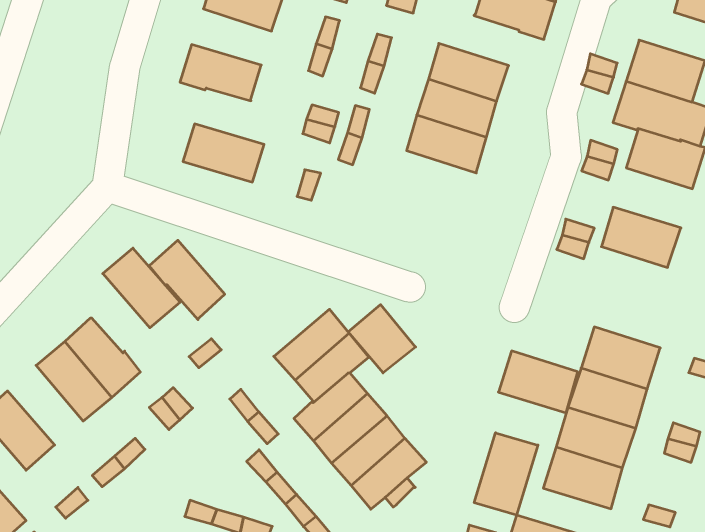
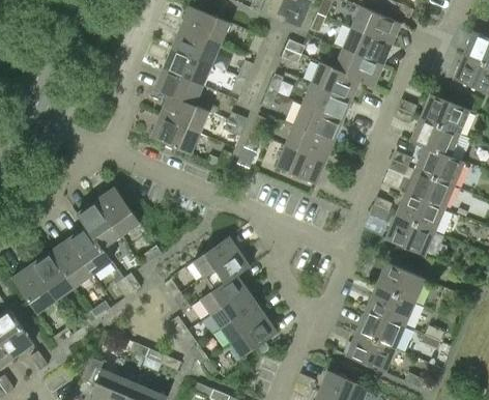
building: none -> [311,62,359,101]
building: none -> [163,48,211,85]
building: none -> [160,95,209,133]
building: none -> [276,145,325,183]
building: none -> [405,169,454,208]
building: [149,240,225,320] -> [77,200,120,249]
building: [348,305,416,373] -> none
building: [498,351,578,413] -> [385,215,434,255]
building: none -> [31,251,75,299]
building: [474,433,538,515] -> none

